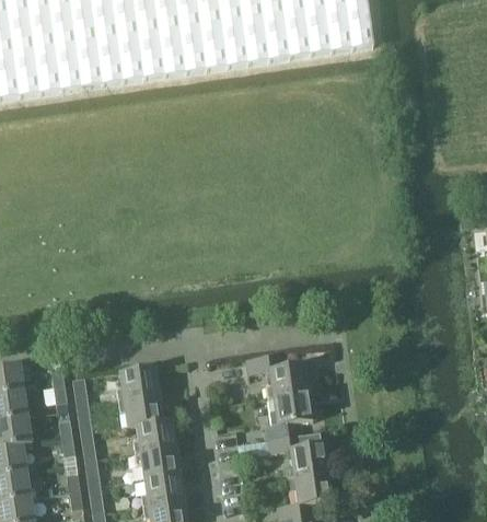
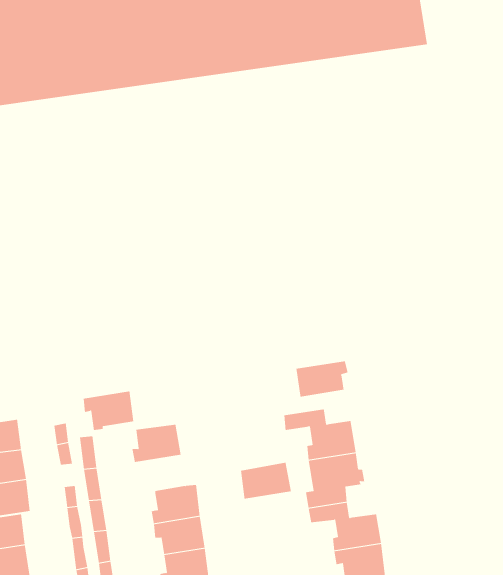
building: none -> [296,360,348,397]
building: [119,395,163,429] -> [83,391,134,430]
building: none -> [240,462,292,499]

